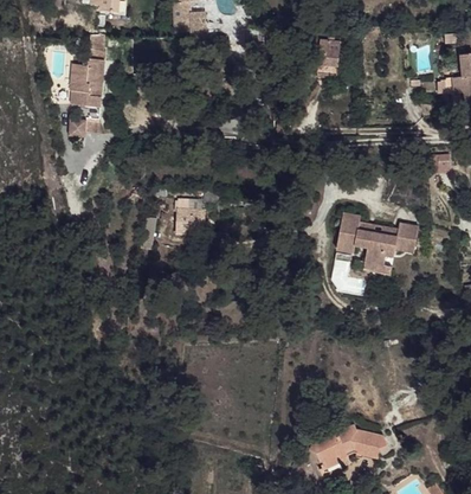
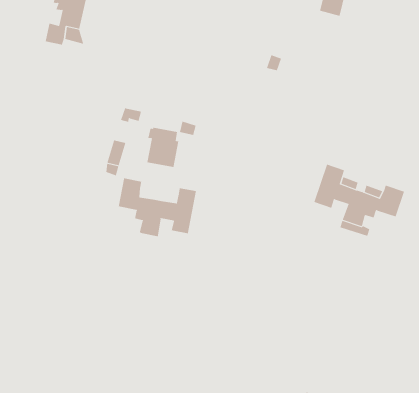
building: none -> [118,177,197,237]

